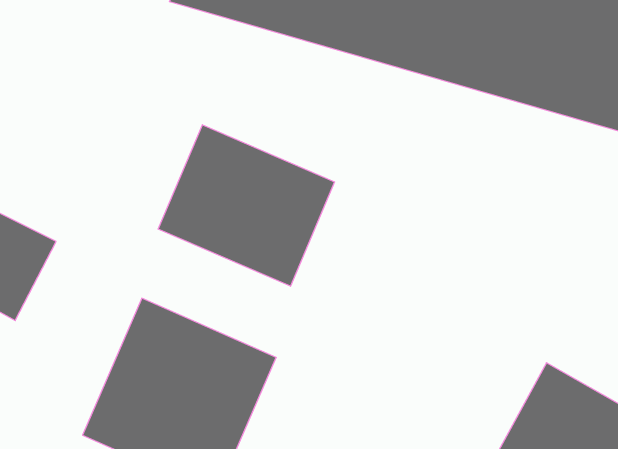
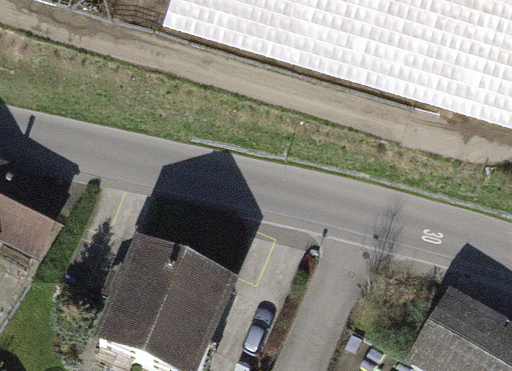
building: [158,125,334,286] -> none

